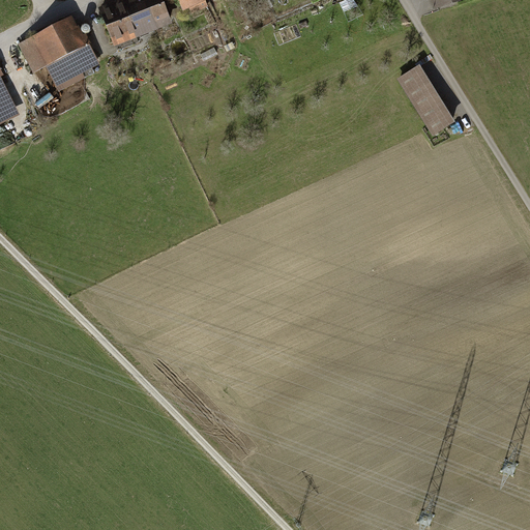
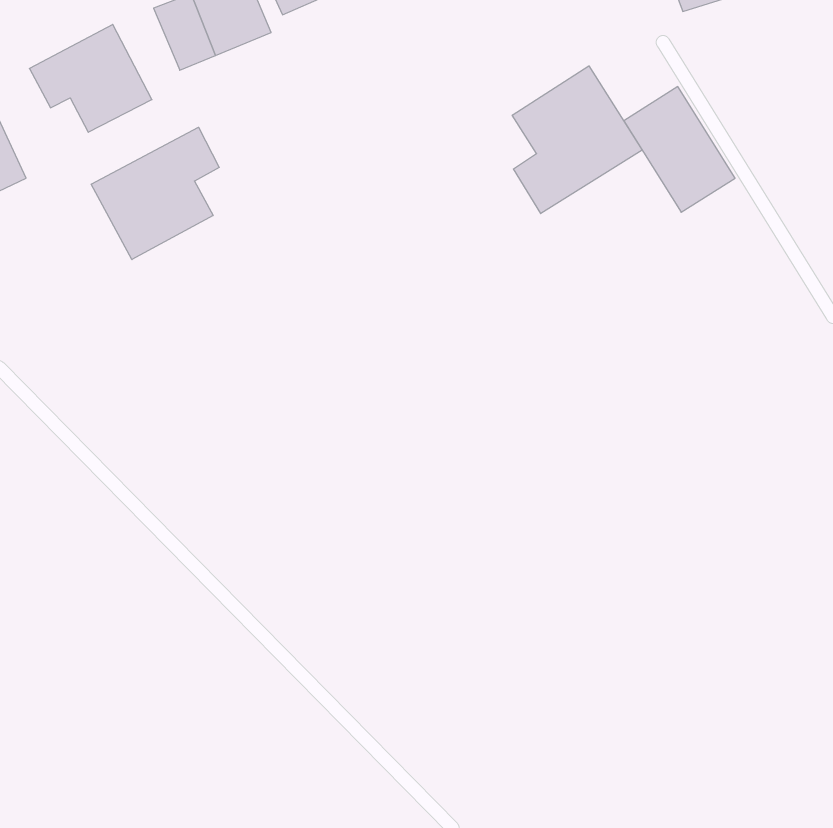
building: none -> [512,66,642,214]
building: none -> [91,127,219,260]

